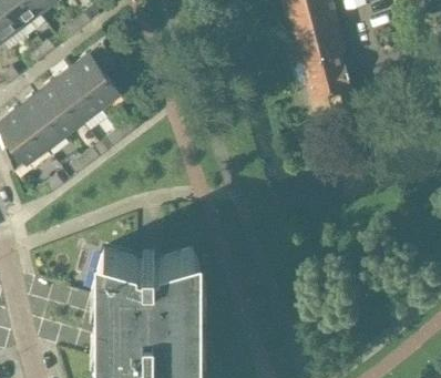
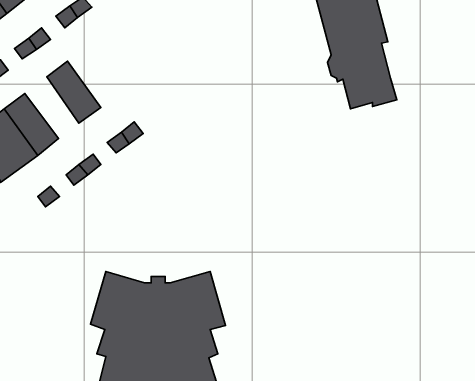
building: [70,44,119,109] -> none
building: [33,82,80,135] -> none

